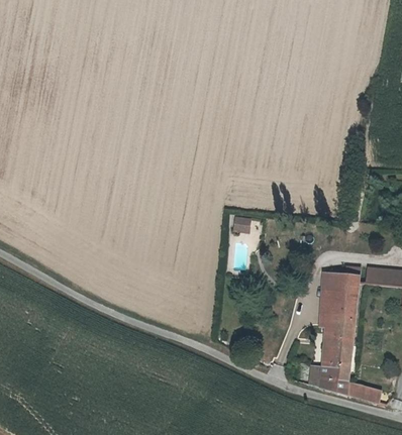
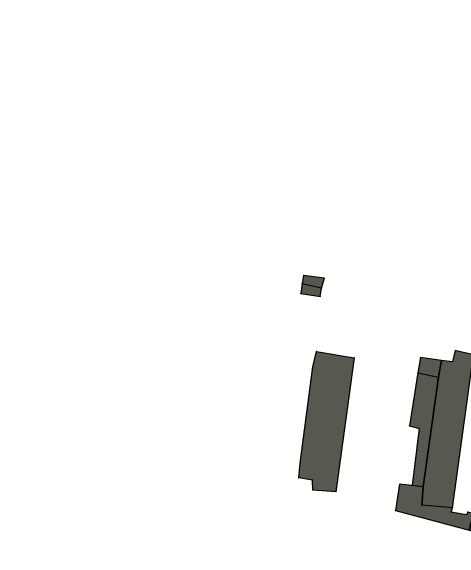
building: none -> [299,351,354,492]

